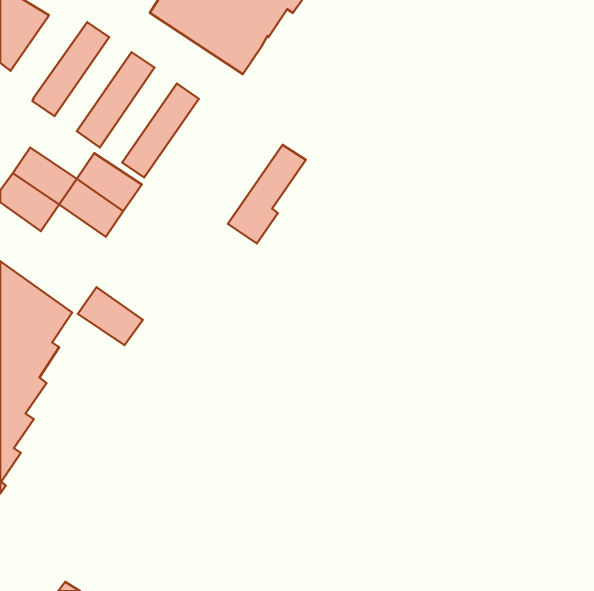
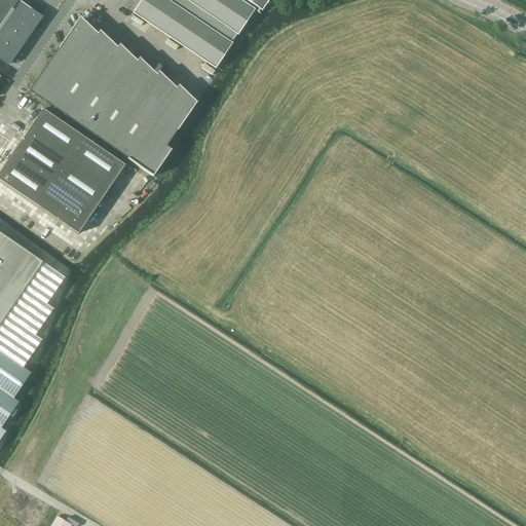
building: none -> [48,33,116,116]
building: none -> [88,60,156,144]
building: none -> [27,107,83,158]
building: [228,145,306,243] -> [127,87,196,175]
building: [78,287,143,345] -> [36,181,93,232]

